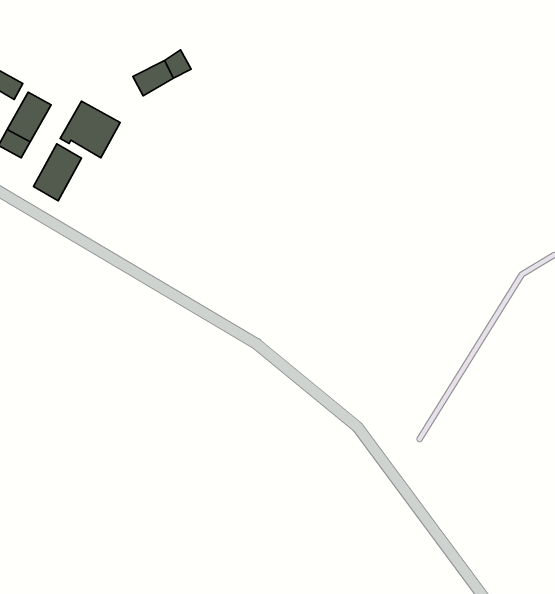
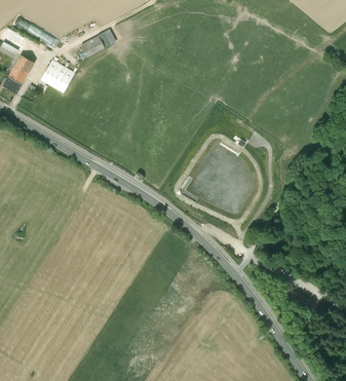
building: [33,144,82,201] -> none

